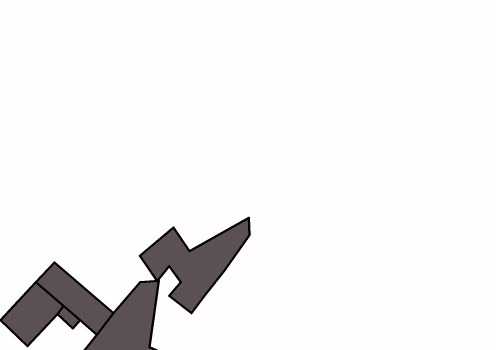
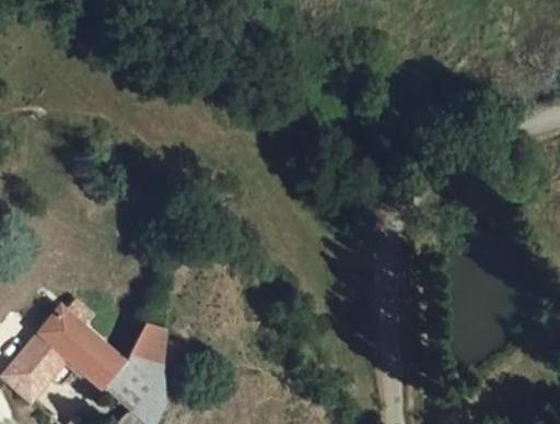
building: [140,218,250,313] -> none

